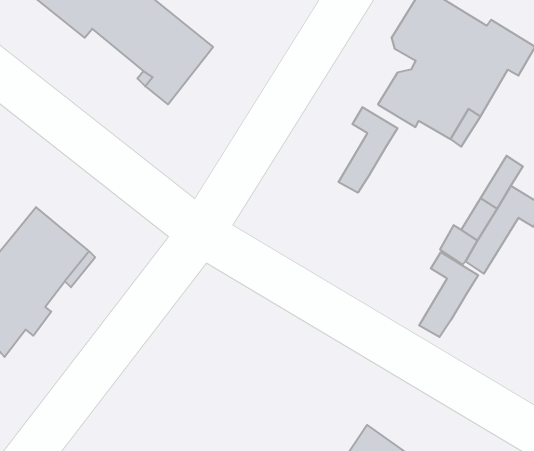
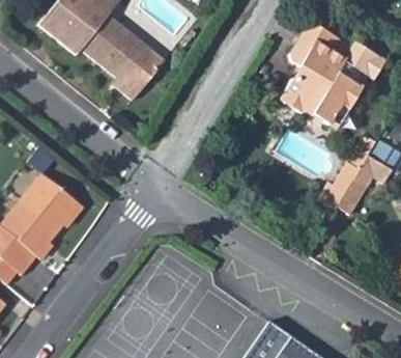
building: [339,107,397,193] -> none
building: [419,252,478,337] -> none

